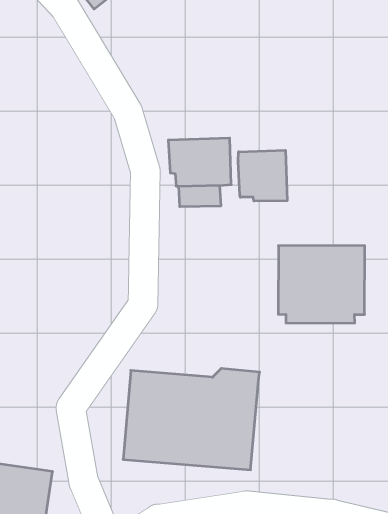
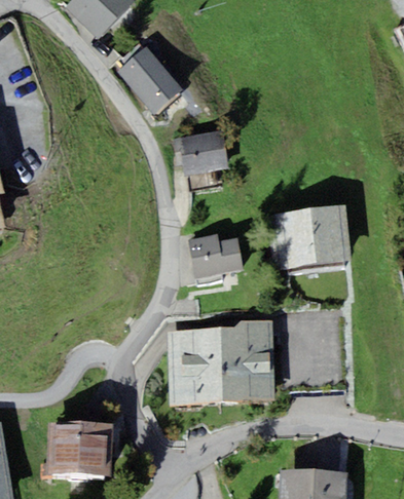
building: none -> [117,46,183,114]
building: [238,150,287,201] -> none
building: none -> [187,235,243,278]

